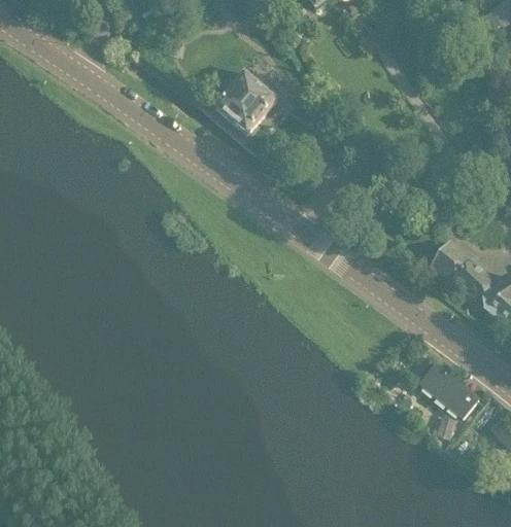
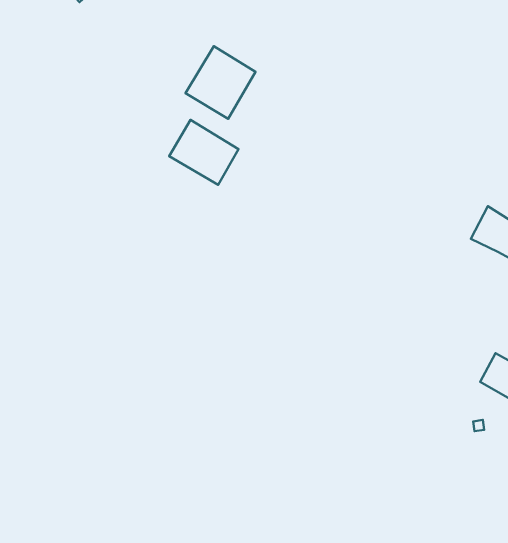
building: none -> [169,120,239,185]

